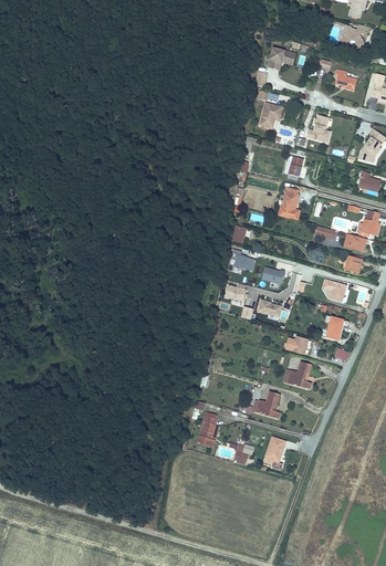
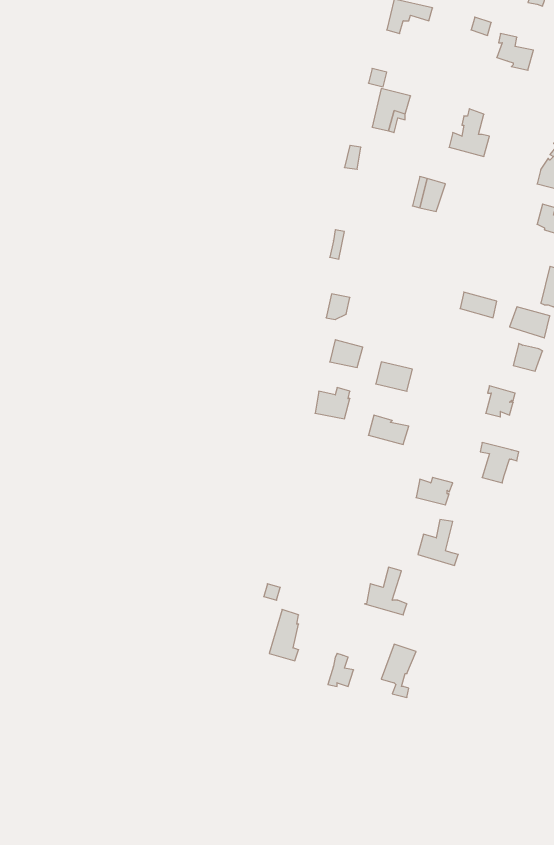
building: [279,187,300,220] -> none

